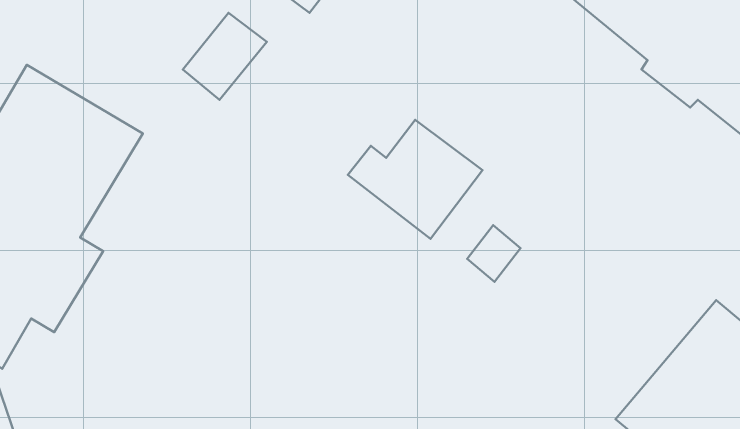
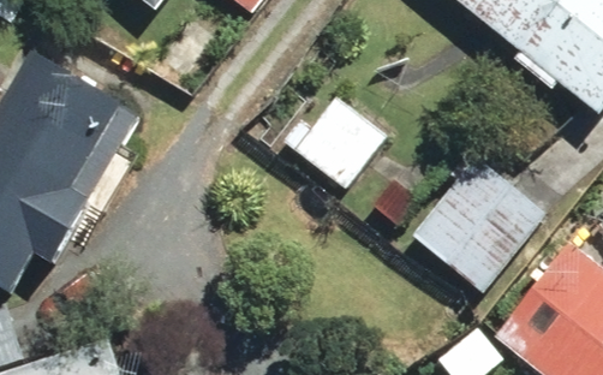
building: none -> [411,155,547,294]

